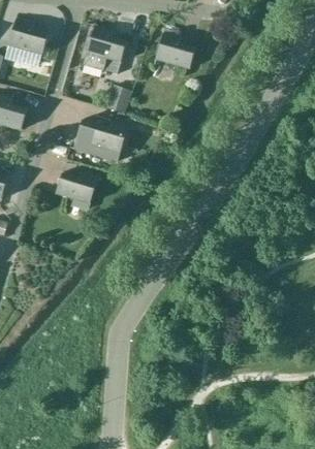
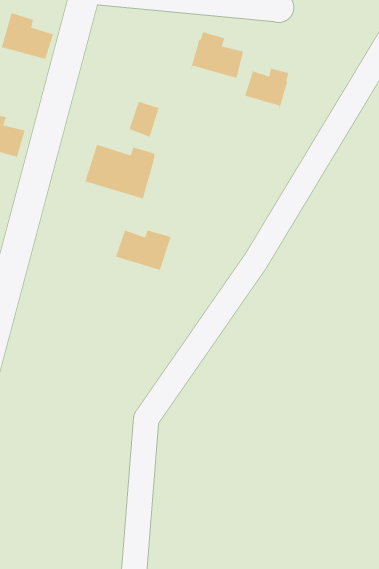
building: [82,27,125,76] -> none
building: none -> [245,68,289,114]
building: [54,173,97,211] -> [115,230,171,278]

